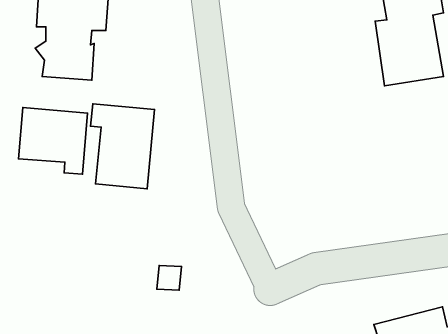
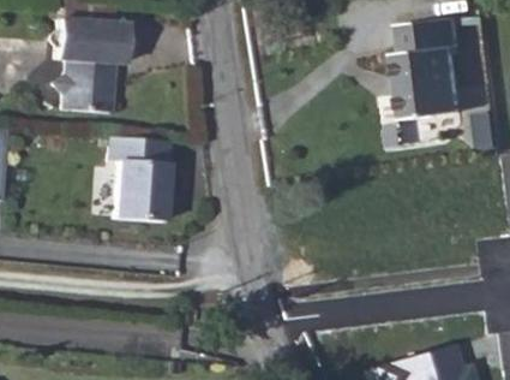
building: [18,107,88,174] -> none

